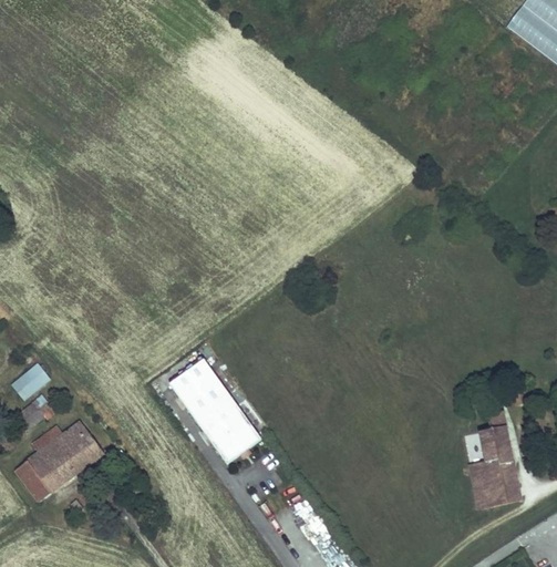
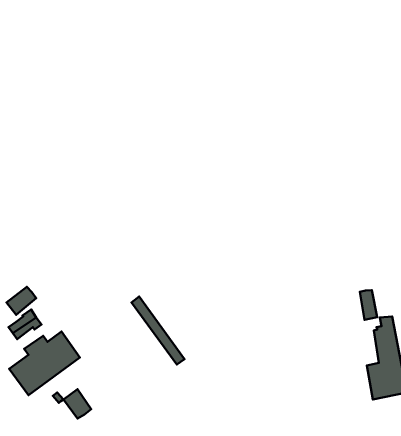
building: [179,359,261,456] -> none
building: none -> [360,290,377,320]
building: none -> [63,389,91,419]

